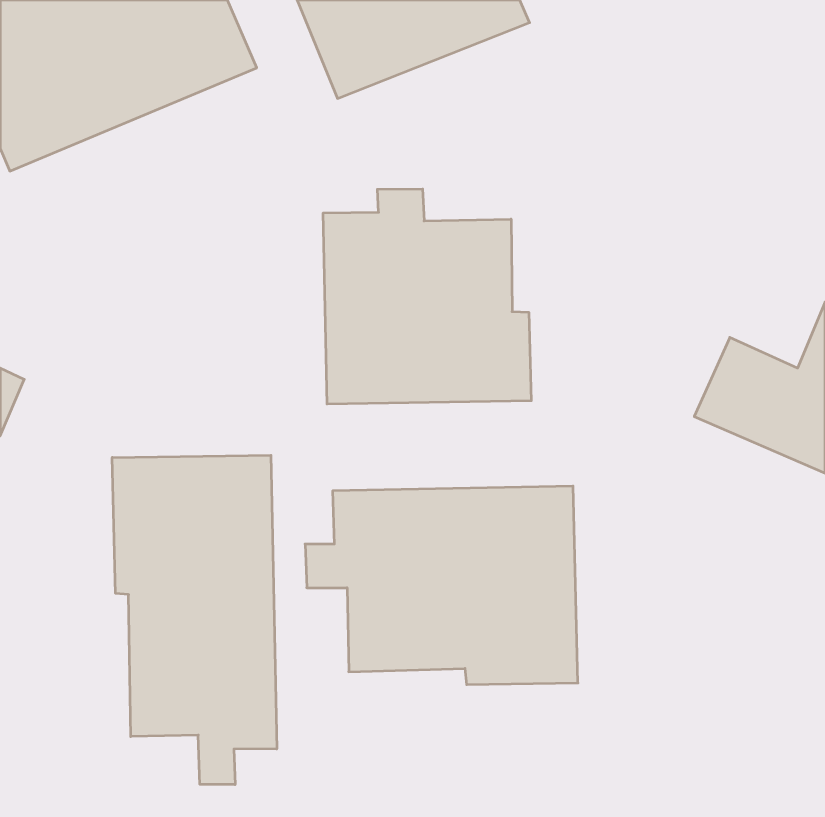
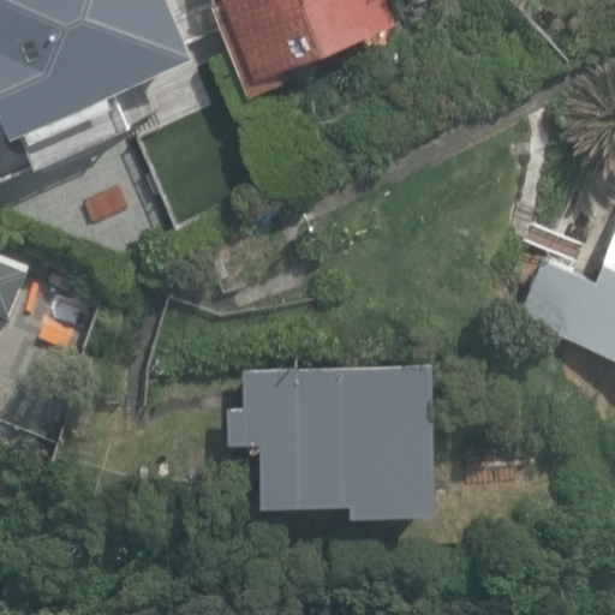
building: [323,189,531,404] -> none
building: [112,455,277,785] -> none

